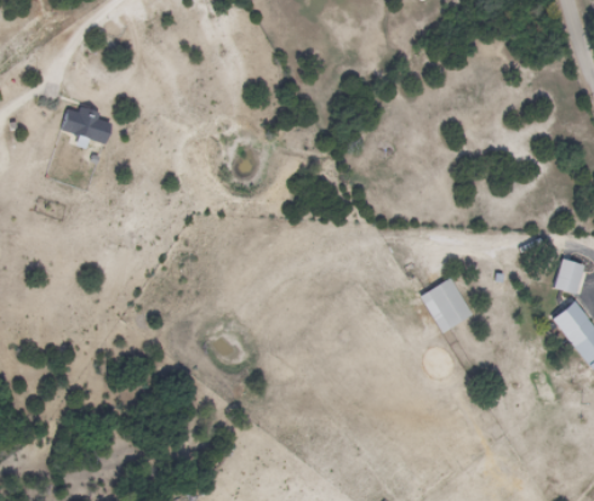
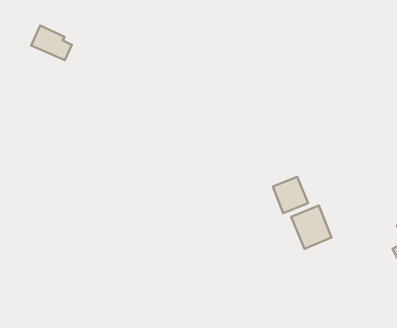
building: none -> [273,177,308,213]

